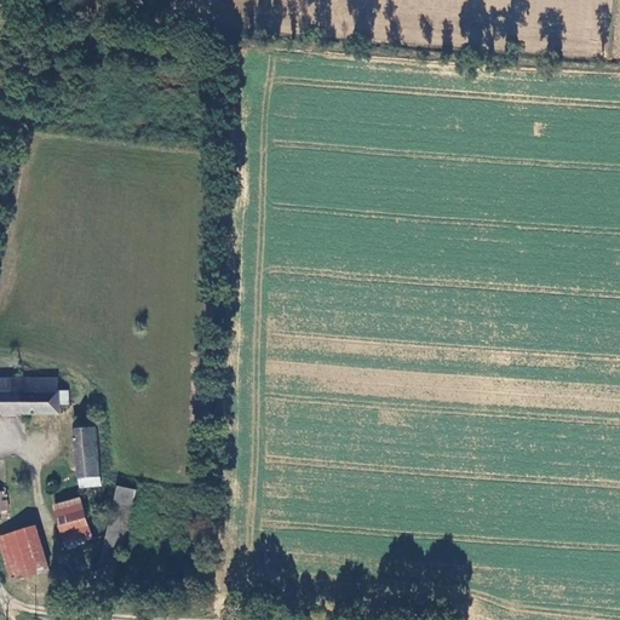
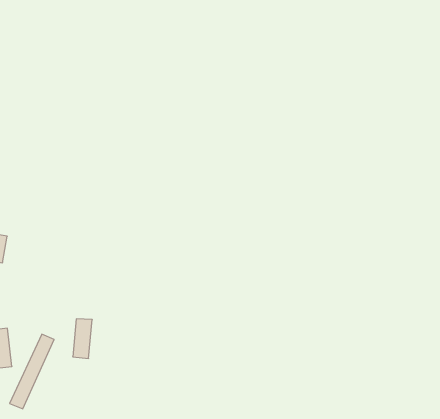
building: [74,426,97,475] -> [73,319,92,358]

